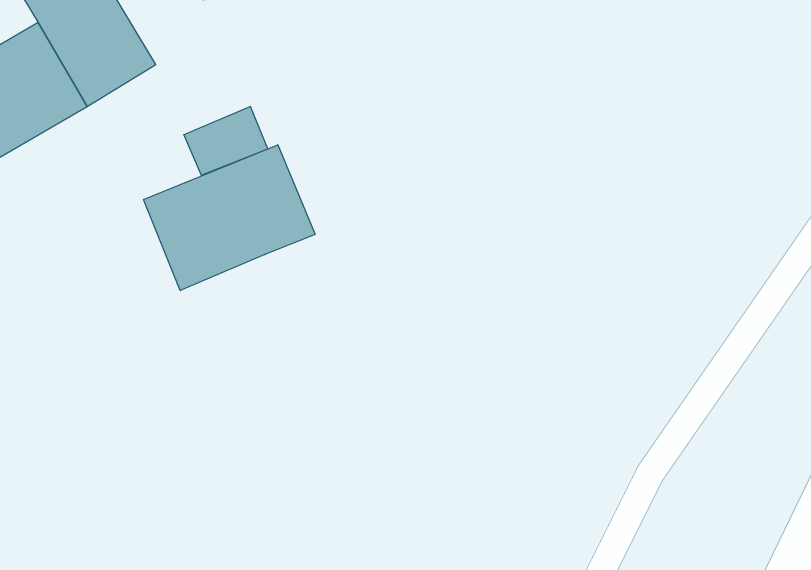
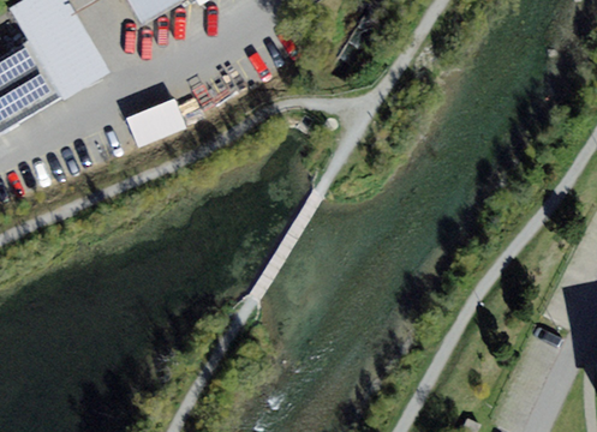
building: [144,145,315,291] -> none

